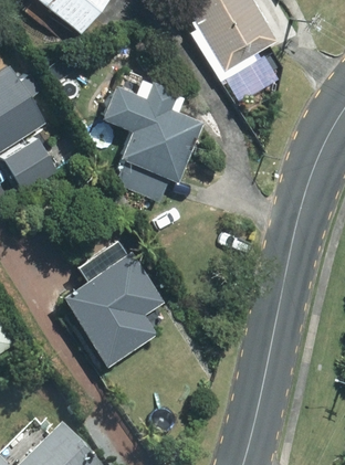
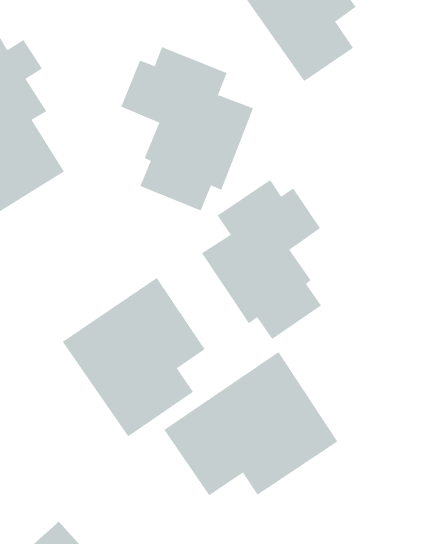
building: none -> [201,179,322,340]
building: none -> [164,351,338,496]

